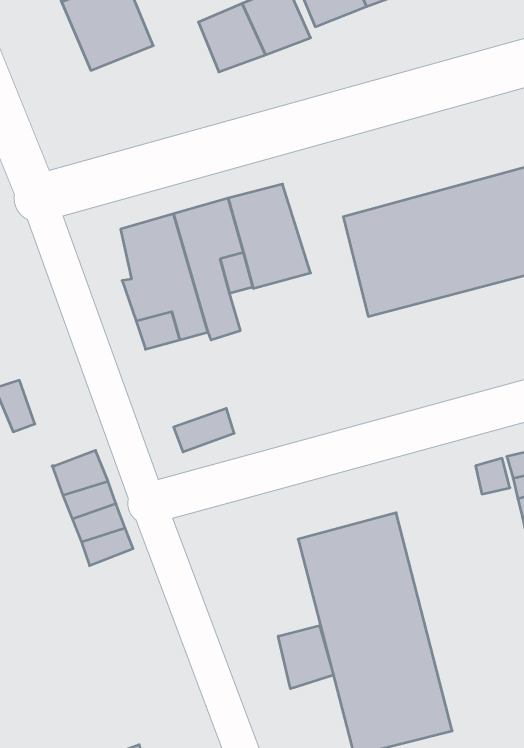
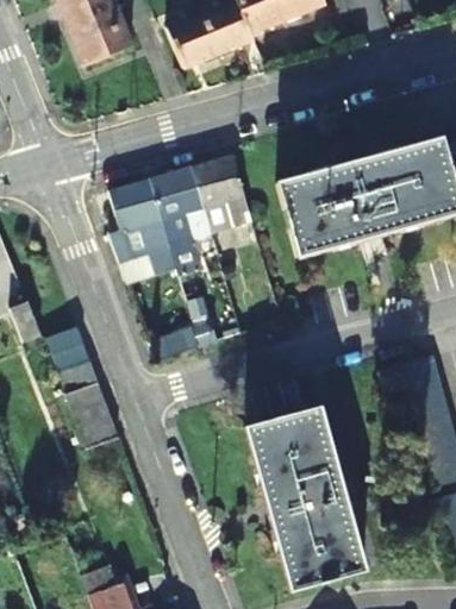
building: none -> [48,325,89,370]
building: [278,625,333,689] -> none

